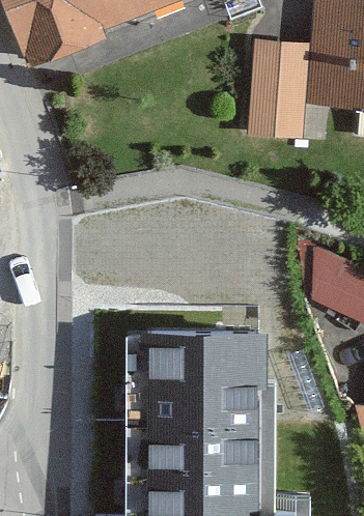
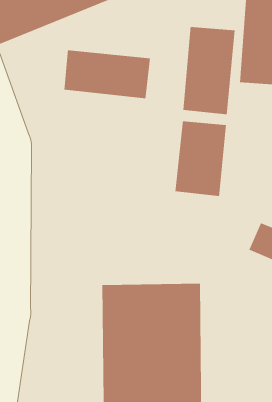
building: none -> [64,50,151,99]
building: none -> [175,120,226,197]

